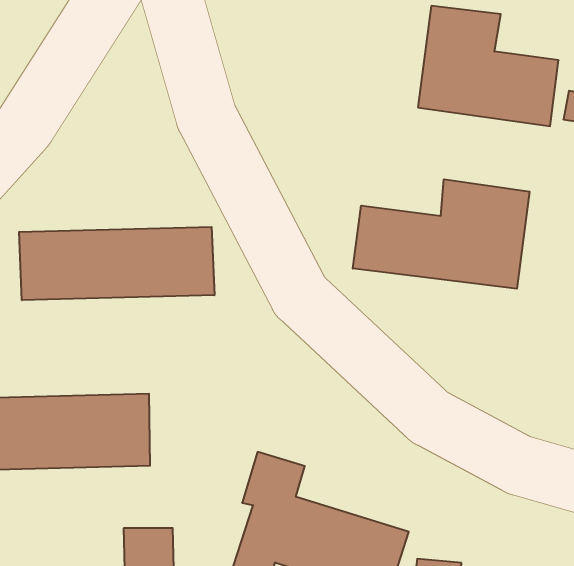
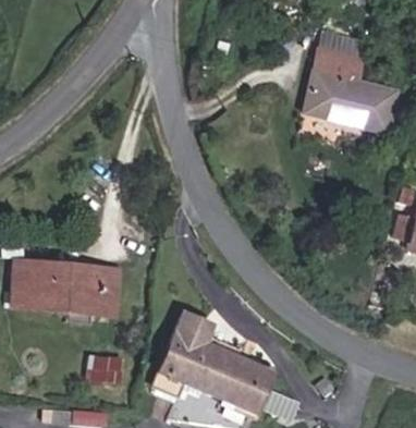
building: [353,179,530,289] -> none
building: [19,227,214,300] -> none

